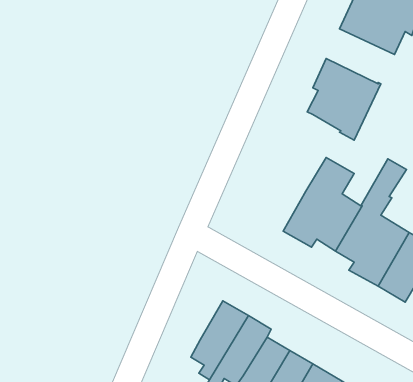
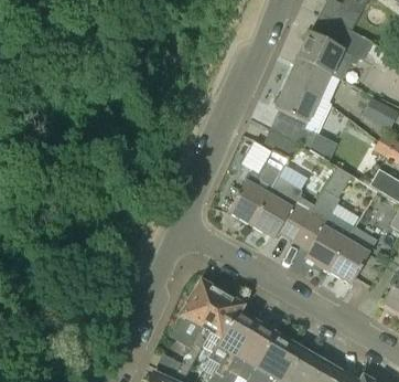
building: none -> [287,57,331,103]
building: none -> [228,126,299,224]

